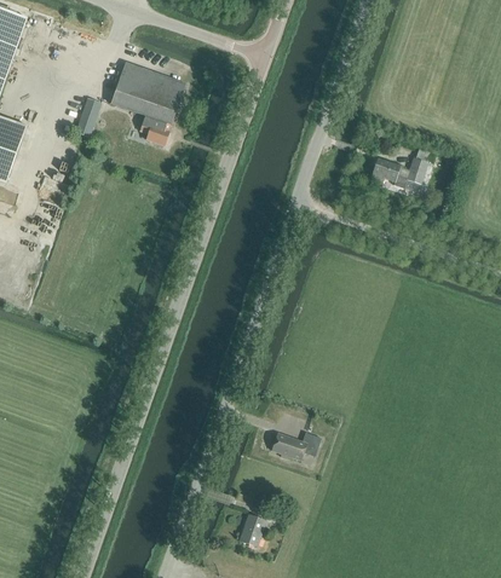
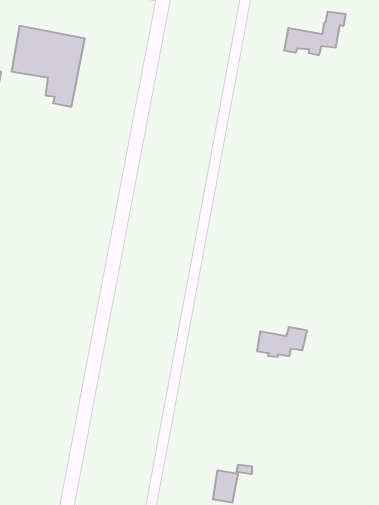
building: [370,149,434,189] -> [284,12,346,55]
building: [270,432,321,459] -> [257,327,307,357]

